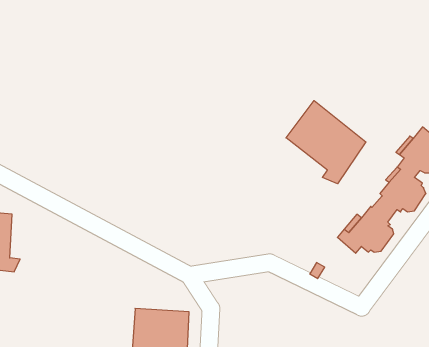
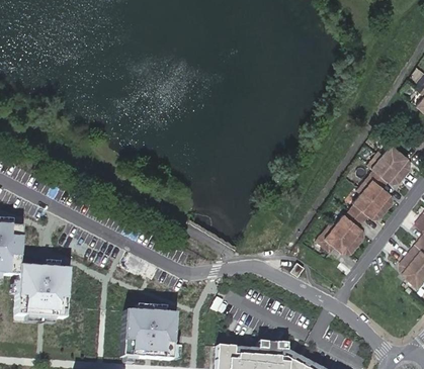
building: [286,101,366,184] -> none
building: none -> [24,262,75,314]

